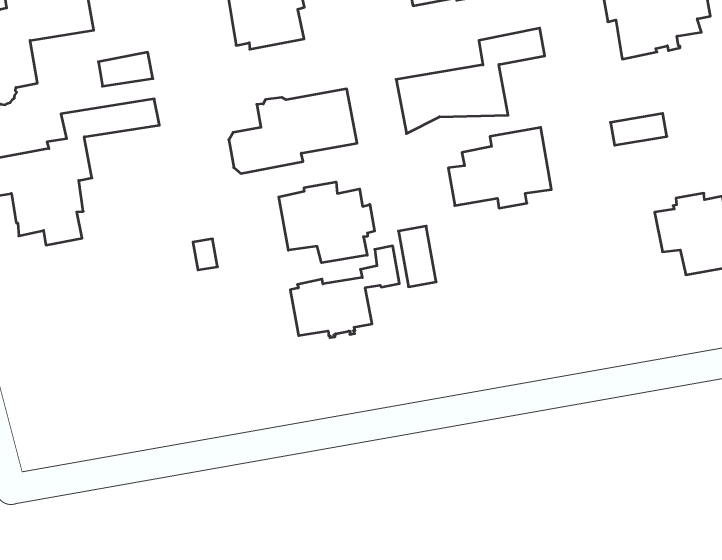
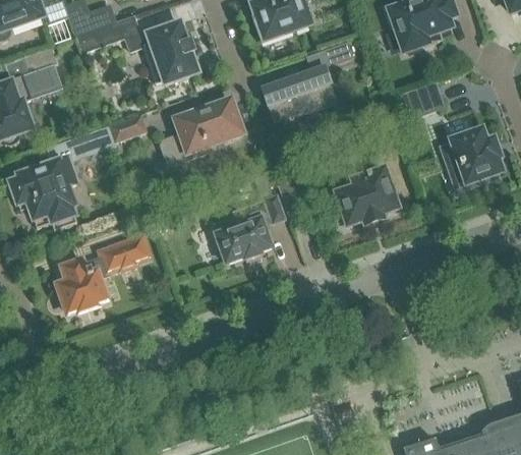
building: [98,52,153,86] -> [110,114,147,140]
building: [448,127,551,208] -> [330,168,398,227]
building: [279,182,375,263] -> none
building: none -> [58,235,150,312]

